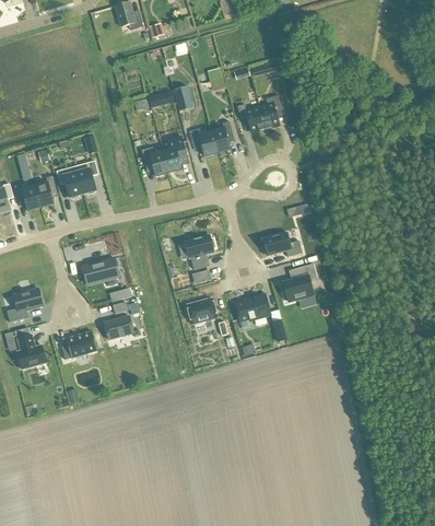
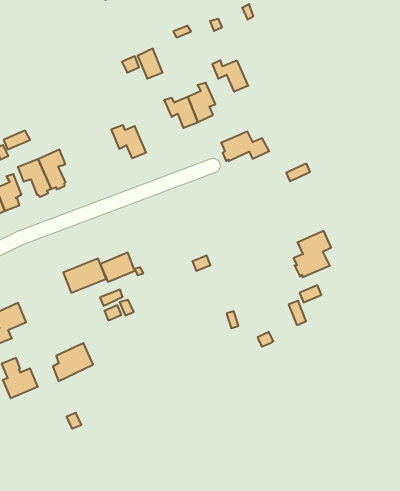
building: [258,93,281,128] -> none
building: [162,135,187,173] -> none
building: [261,232,302,256] -> [221,132,269,161]
building: [185,234,214,268] -> none
building: [234,293,270,320] -> none
building: [186,297,216,322] -> none
building: [104,315,140,338] -> [100,252,143,282]

